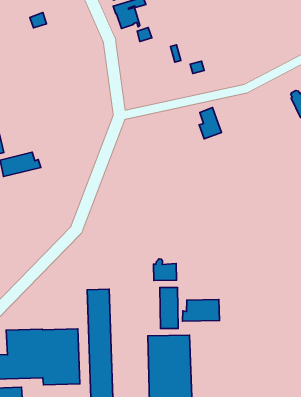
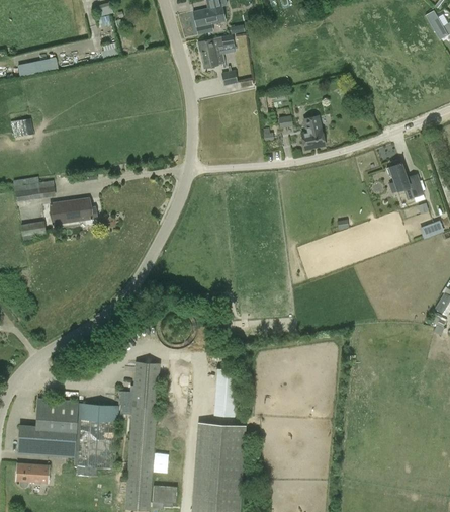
building: [199,108,221,139] -> [300,115,325,150]
building: [154,259,176,281] -> none
building: [182,300,220,321] -> none

